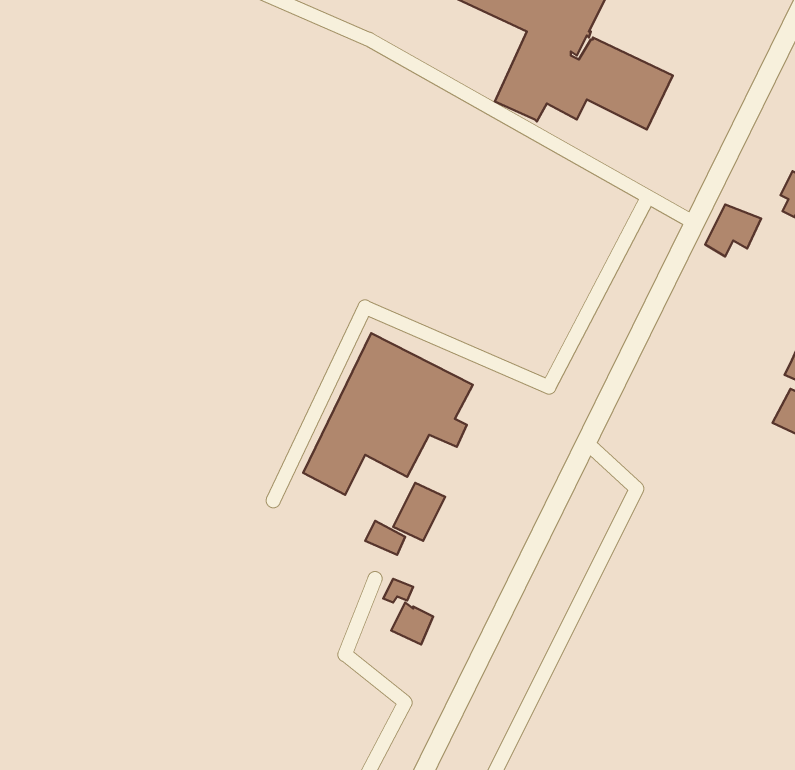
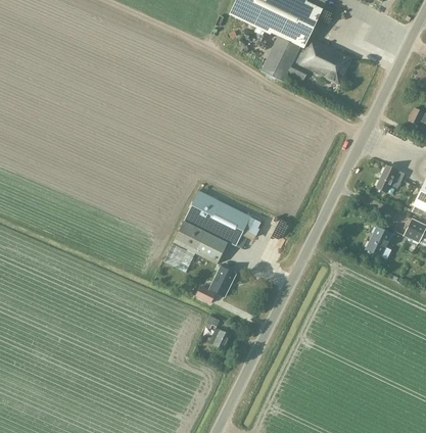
building: [705,204,761,256] -> [376,165,405,192]
building: none -> [366,226,392,255]

